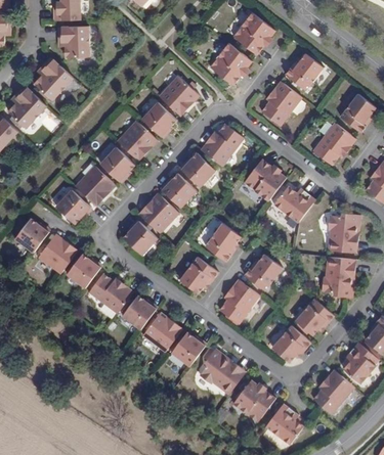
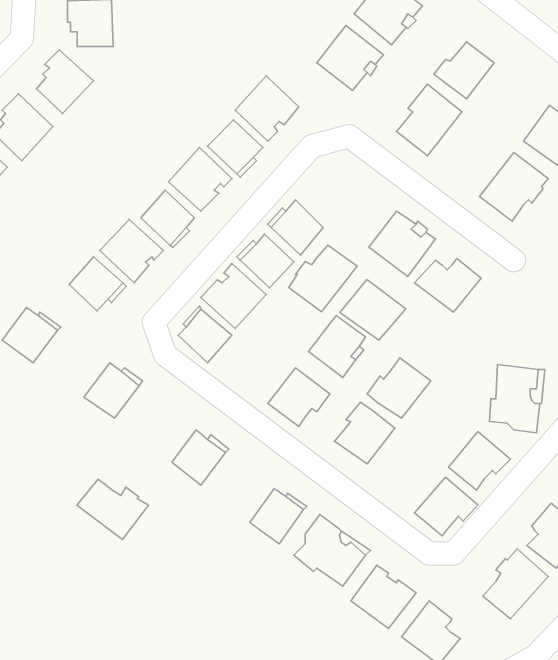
building: [201,123,244,165] -> [289,245,357,312]
building: none -> [340,279,406,340]
building: [325,209,356,249] -> none
building: [37,234,78,274] -> none
building: [87,276,132,314] -> [77,479,149,539]
building: [139,313,180,353] -> none

